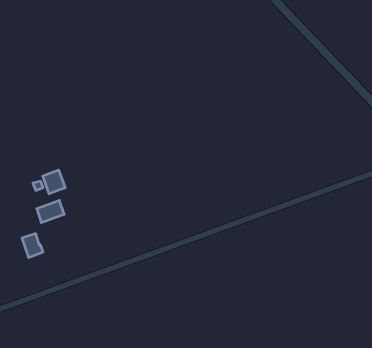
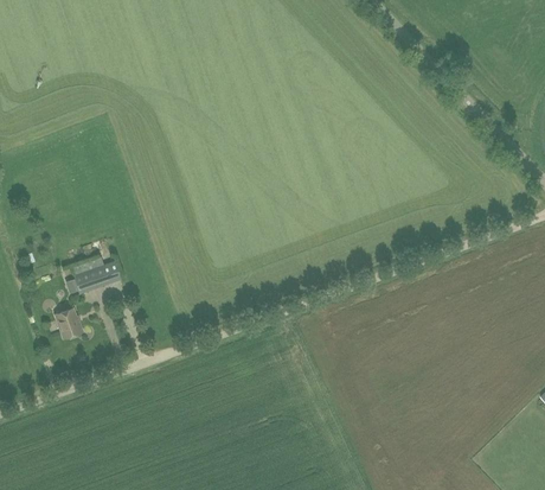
building: [43,170,65,194] -> none

